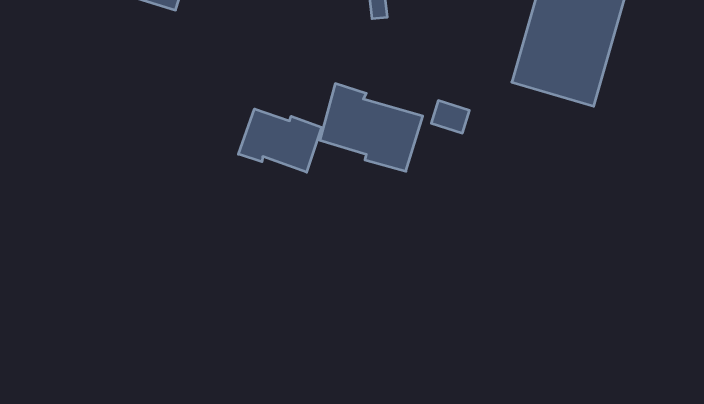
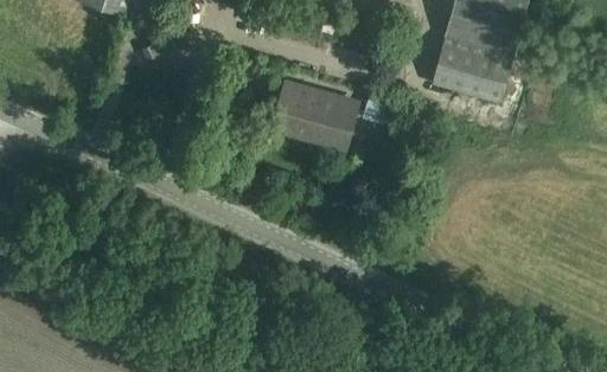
building: [238,109,321,172] -> none

